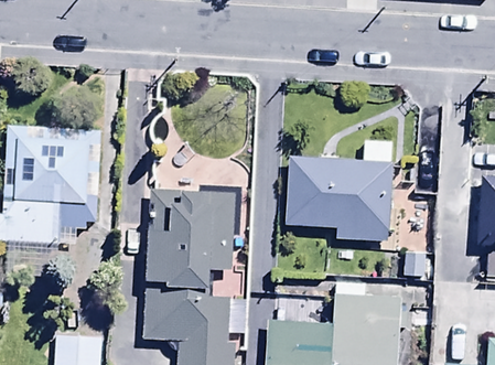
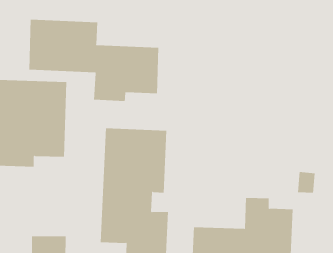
building: none -> [29,19,159,102]
building: [287,141,394,241] -> none

